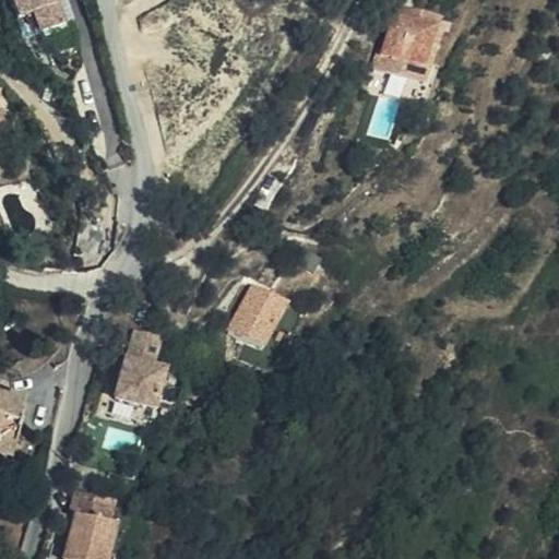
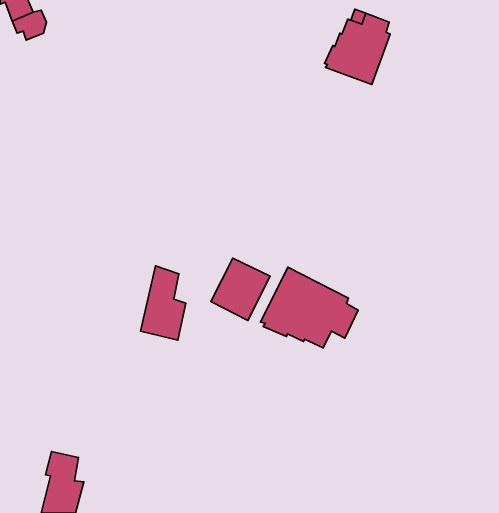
building: none -> [261,267,358,348]
building: [110,322,159,403] -> [140,266,186,340]

